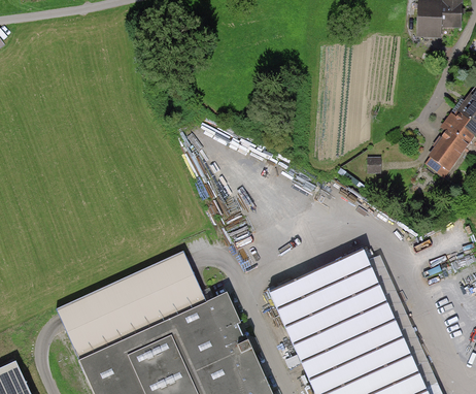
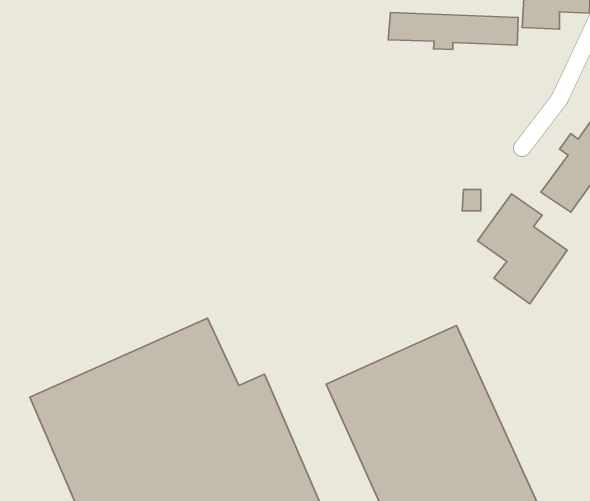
building: none -> [388,13,518,49]
building: none -> [477,194,567,304]

